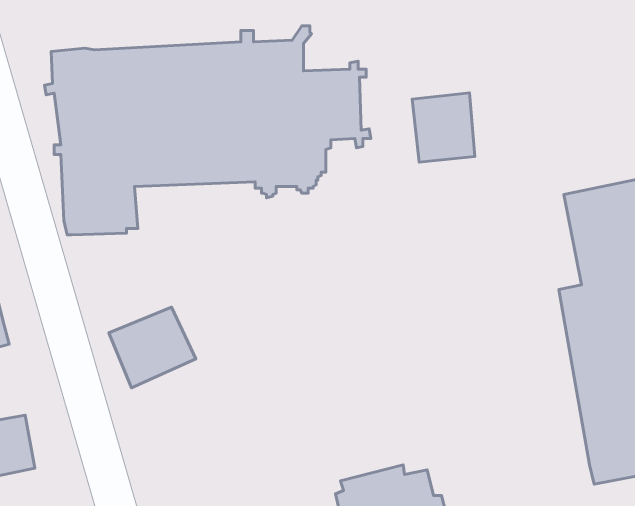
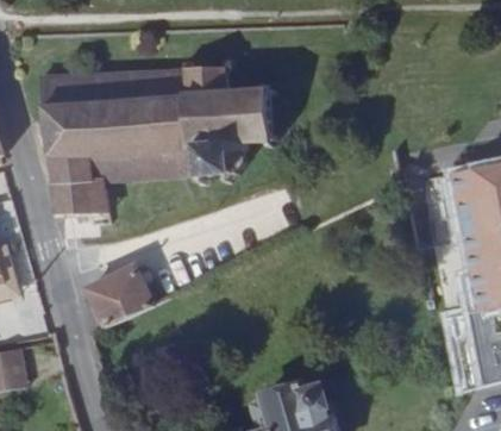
building: [412,93,475,162] -> none

